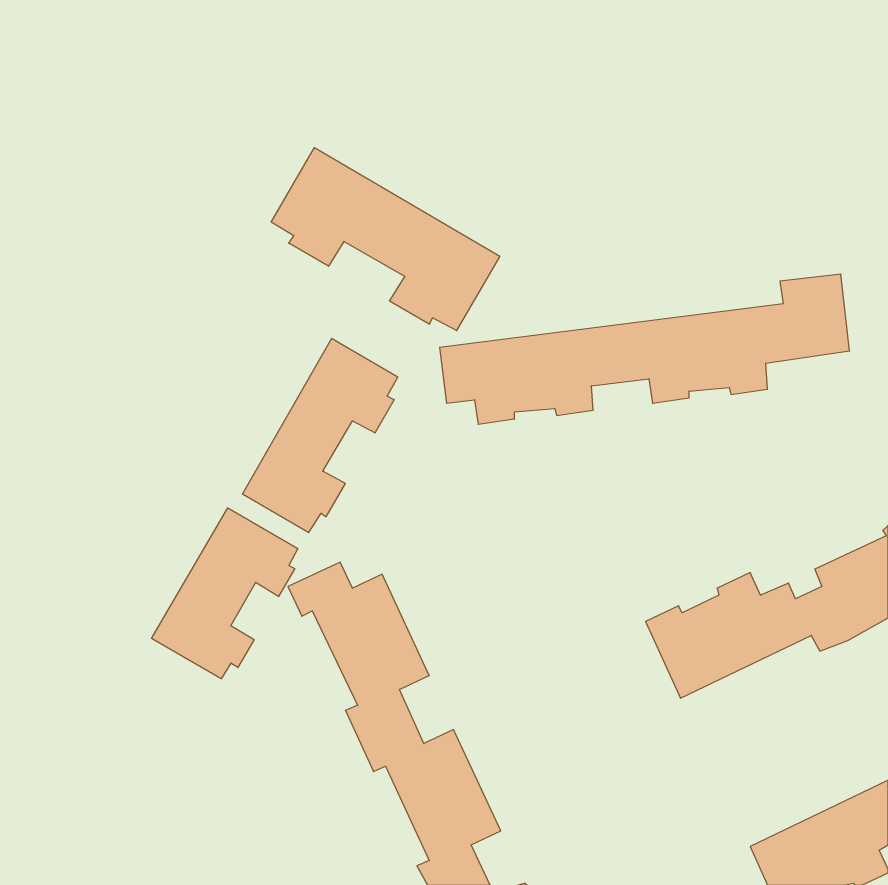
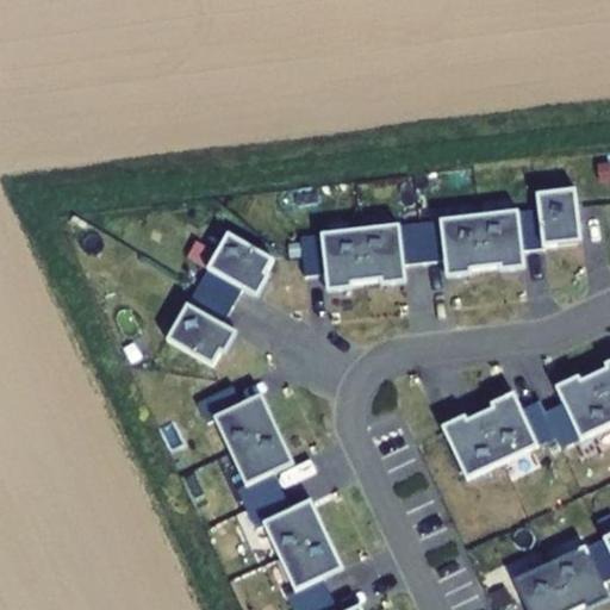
building: [271,148,500,331] -> none
building: [152,508,298,679] -> none

